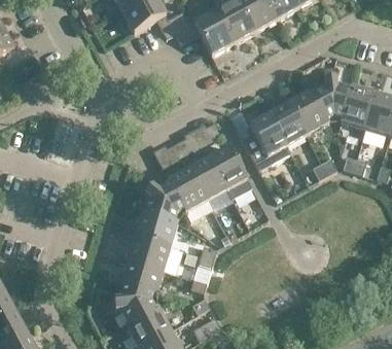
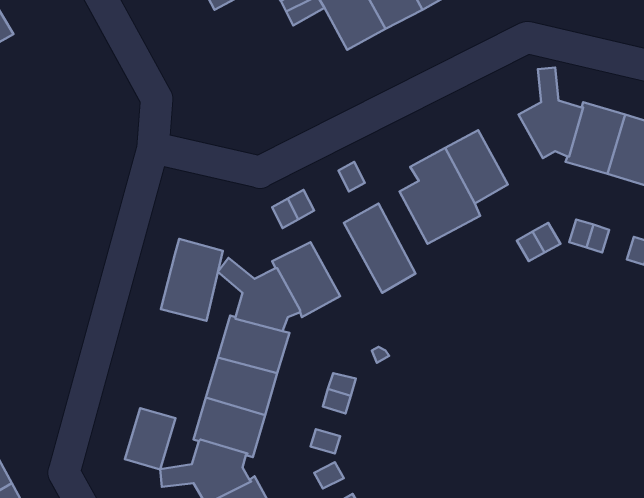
building: [288,90,328,134] -> none
building: [189,156,226,200] -> none
building: none -> [161,239,223,321]
building: none -> [125,408,175,469]

